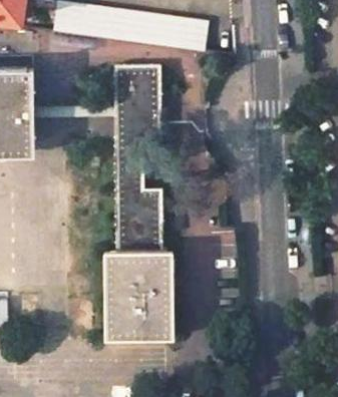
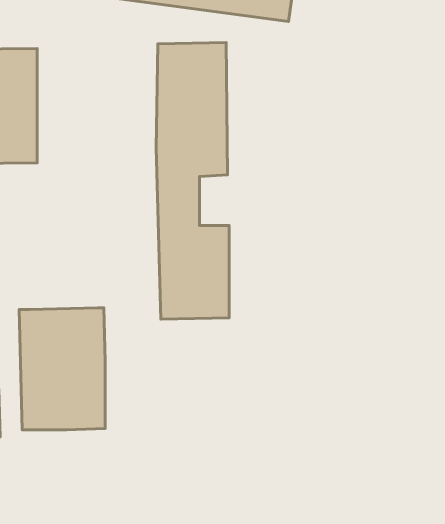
building: [109,252,167,334] -> [19,308,105,430]

